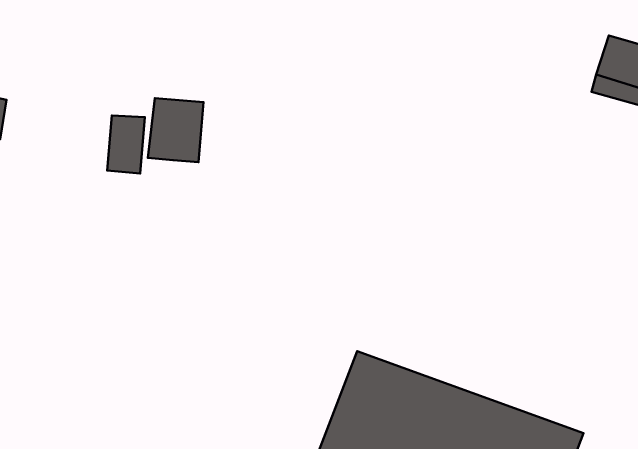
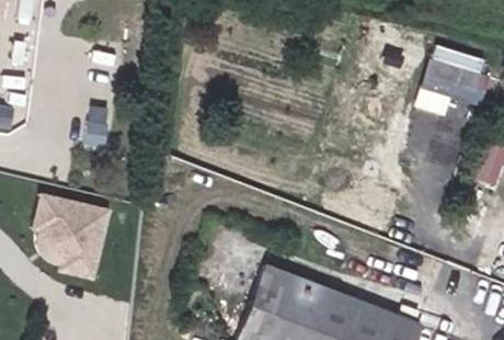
building: [148,98,204,162] -> none
building: none -> [37,192,119,277]

